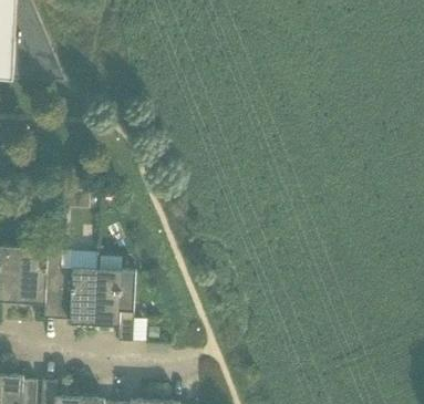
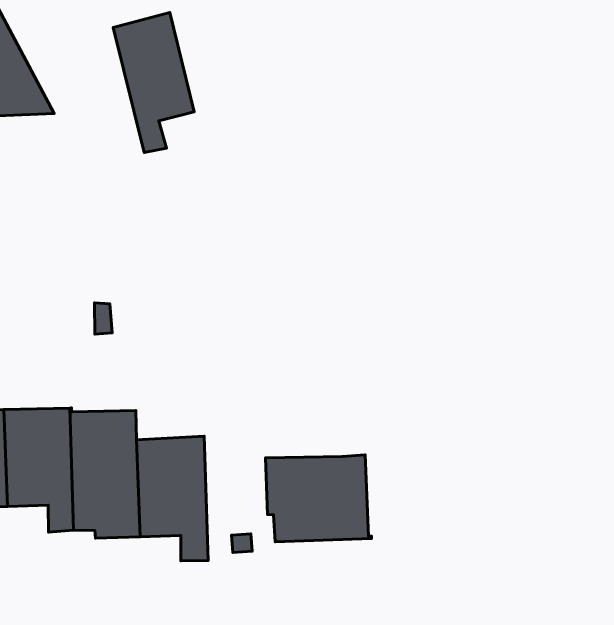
building: none -> [113,13,194,153]
building: none -> [266,455,372,542]

